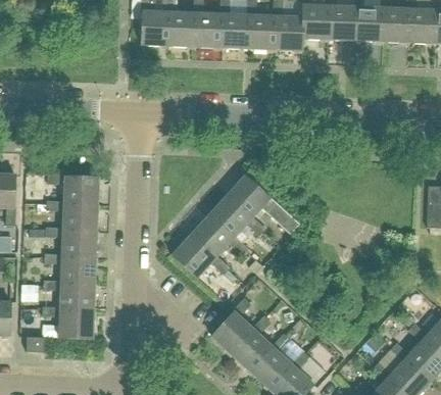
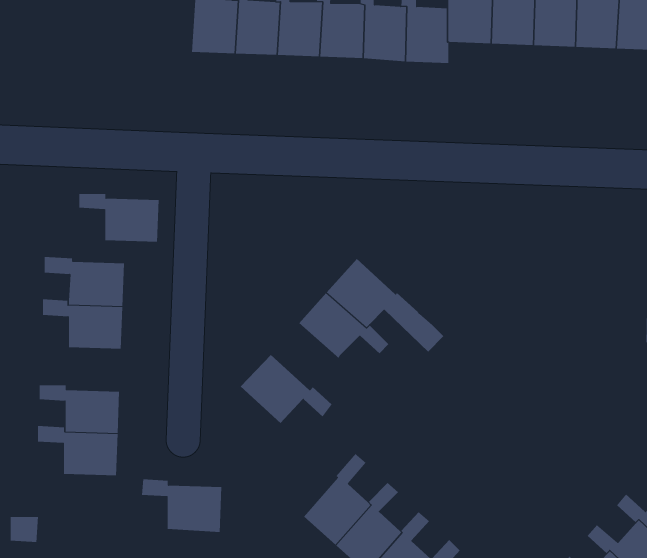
building: [190,214,247,256] -> none
building: [45,227,96,257] -> [78,193,160,242]
building: [42,305,93,339] -> [141,479,222,532]

